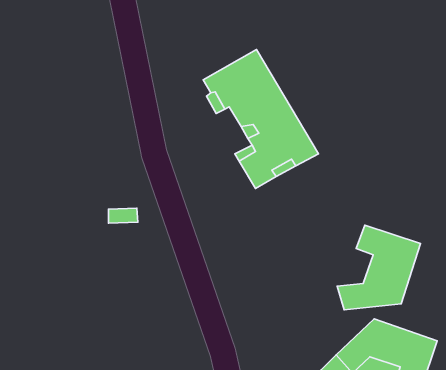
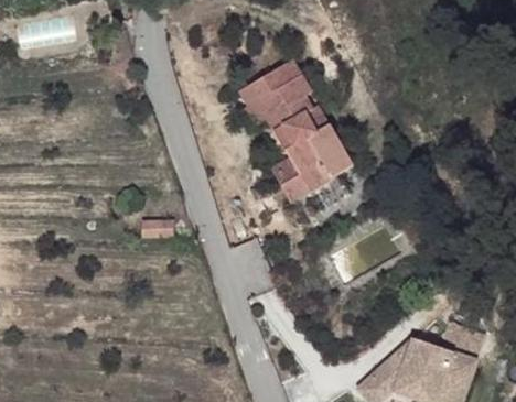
building: [337,225,421,310] -> none

